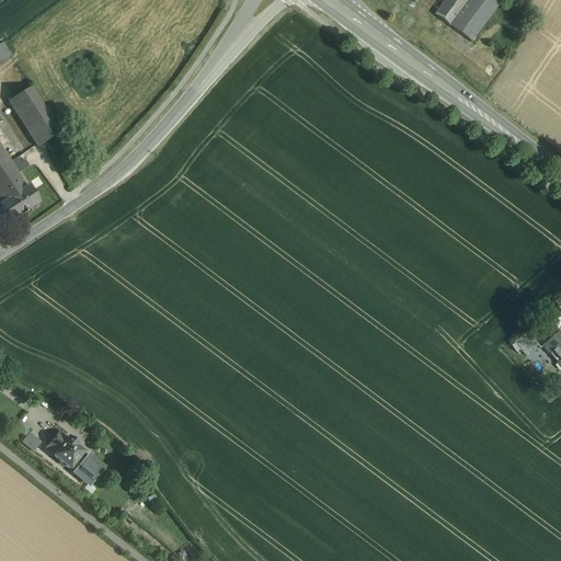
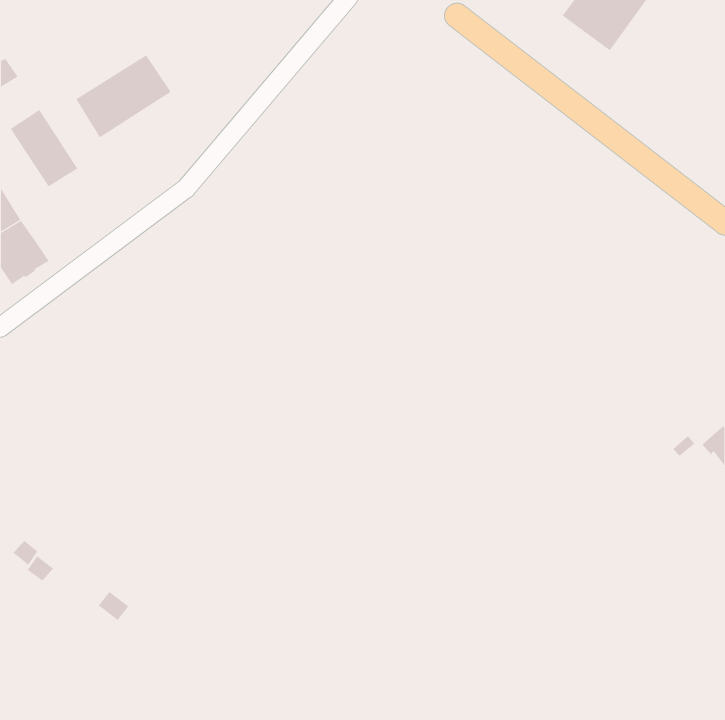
building: none -> [75,55,171,138]
building: [47,430,81,470] -> none

